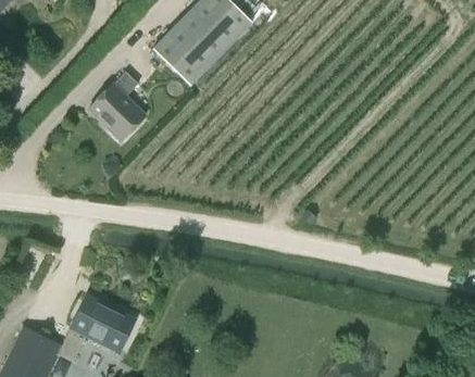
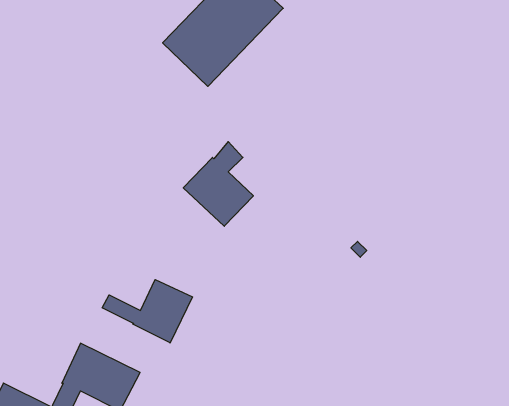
building: [88,73,146,142] -> [183,142,253,226]
building: none -> [102,280,193,343]

